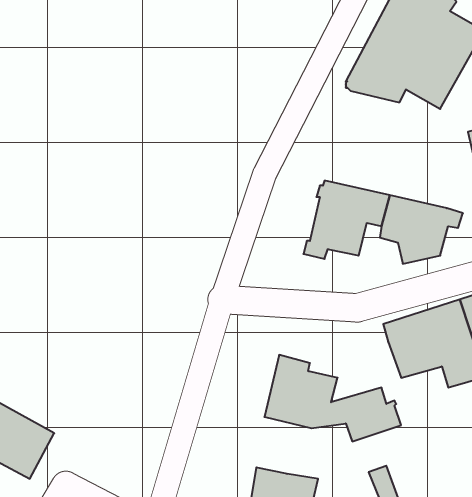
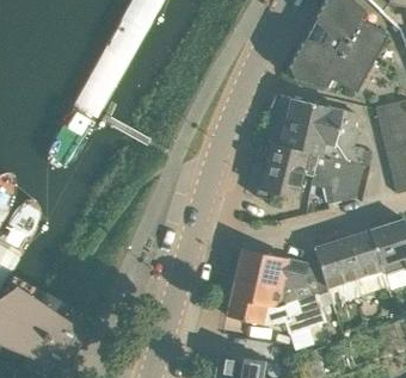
building: none -> [266,94,364,163]
building: none -> [238,248,330,306]

